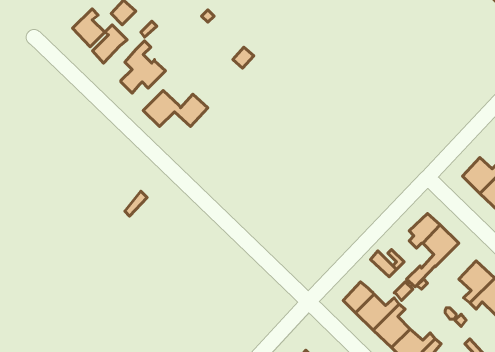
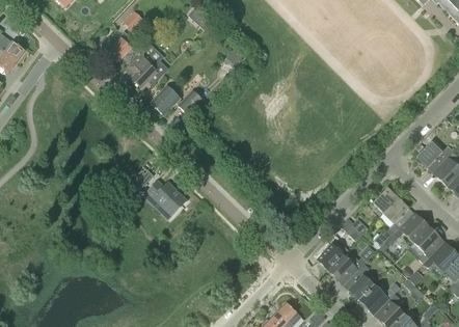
building: [73,9,105,47] -> none
building: none -> [148,180,187,211]
building: none -> [395,213,429,243]

